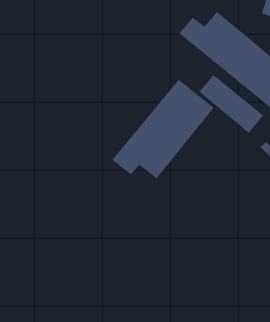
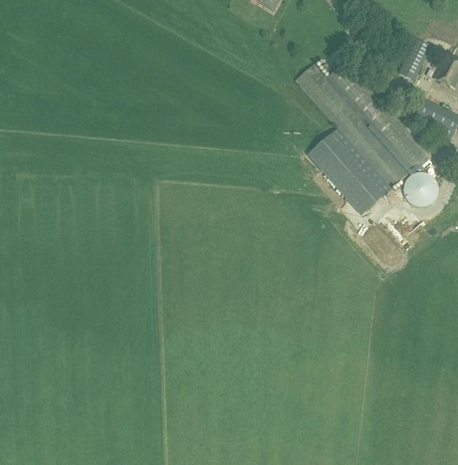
building: [112,79,215,179] -> none

